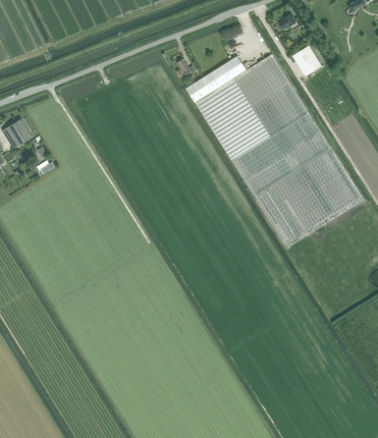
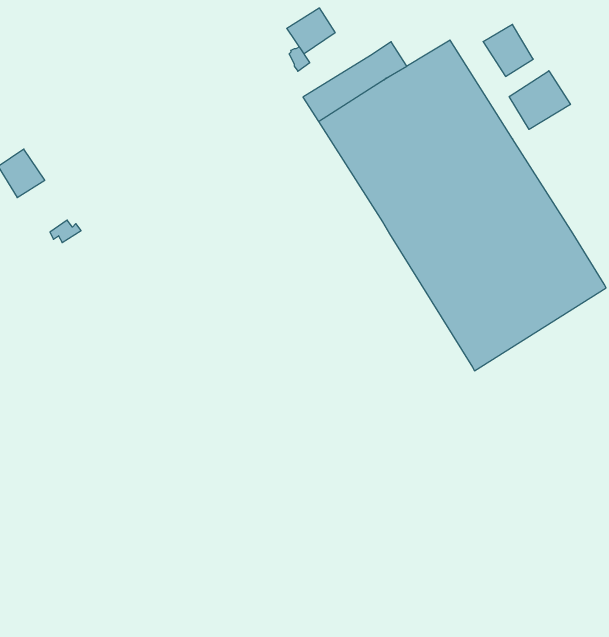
building: none -> [287,8,335,54]
building: none -> [509,71,570,129]

